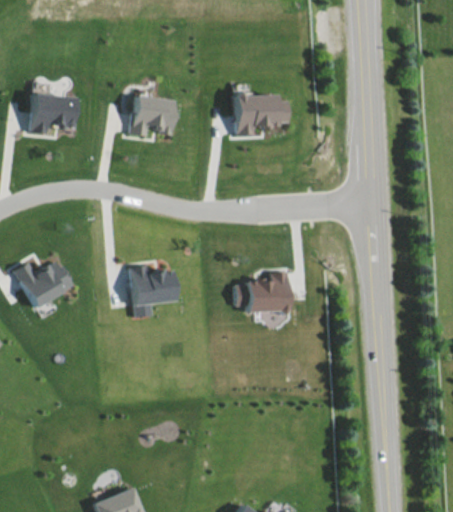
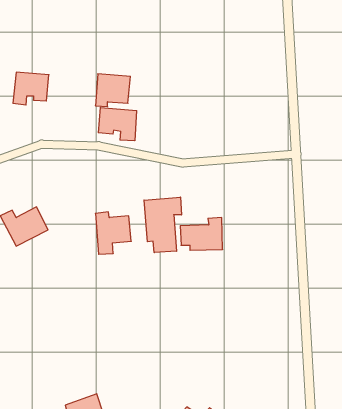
building: [233,94,287,136] -> none
building: none -> [98,107,137,141]
building: none -> [144,197,181,253]

